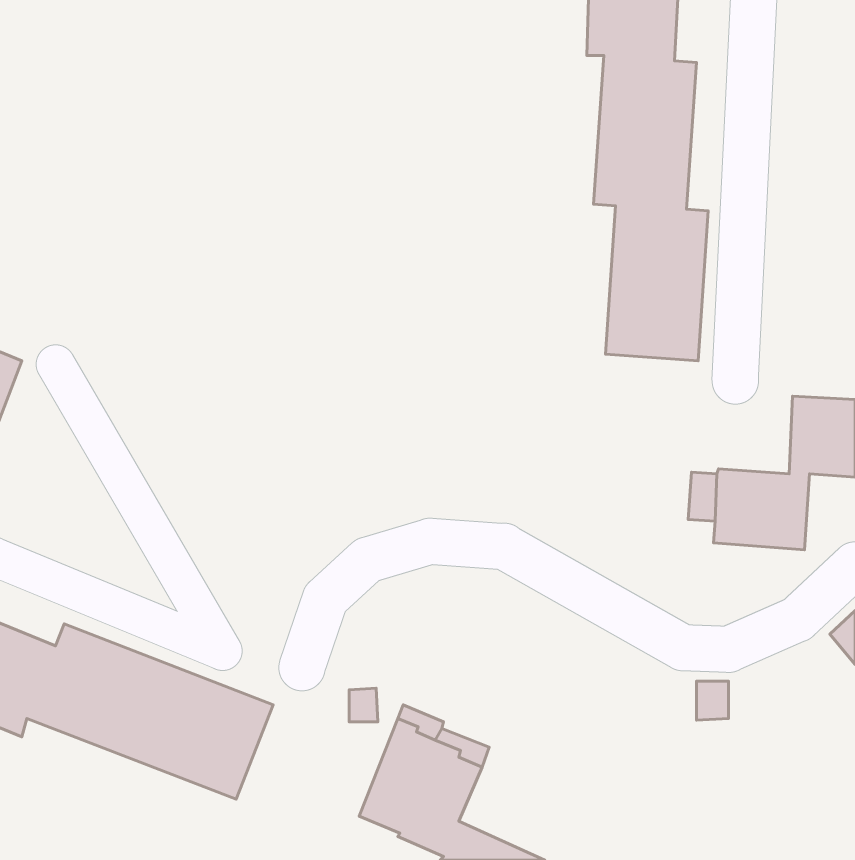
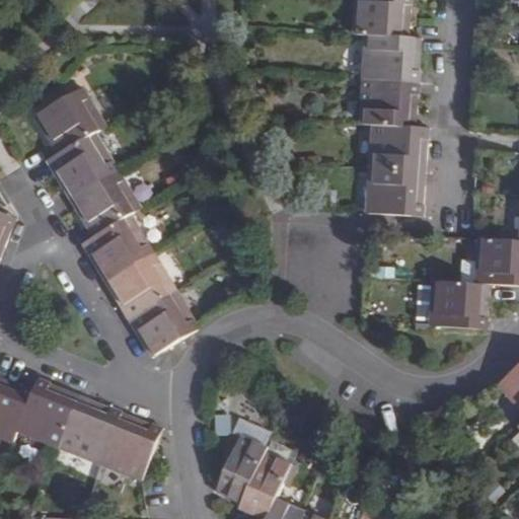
building: none -> [31,87,199,354]

